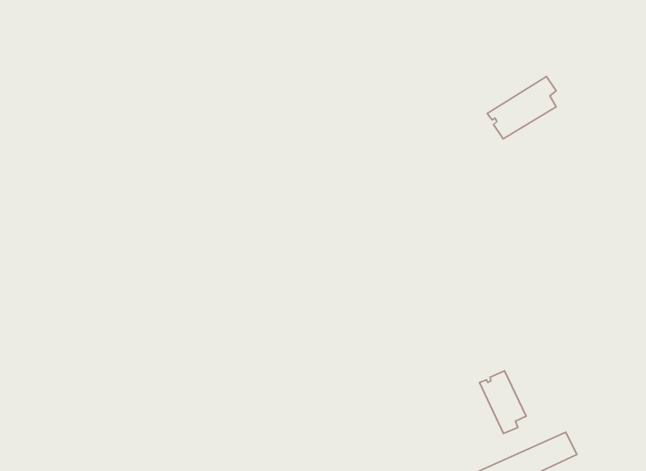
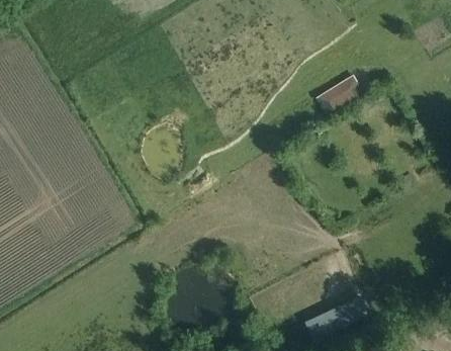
building: [480,371,526,434] -> none

